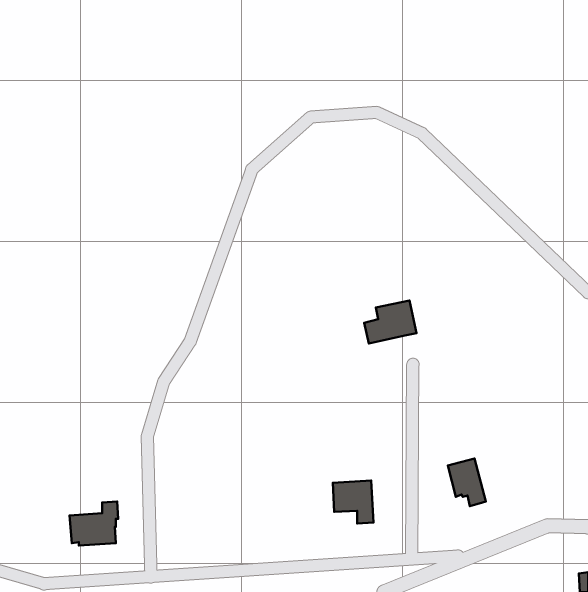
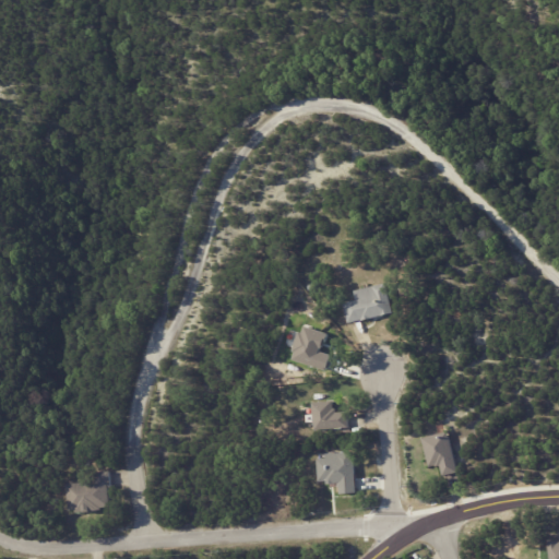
building: none -> [290,326,325,366]
building: none -> [312,402,348,431]

